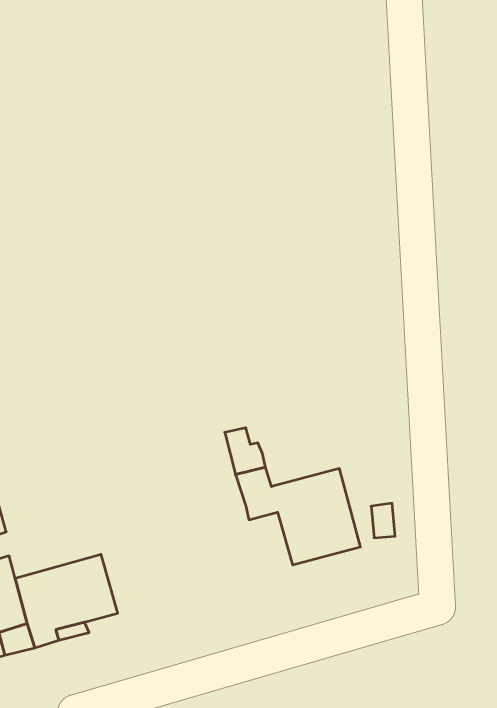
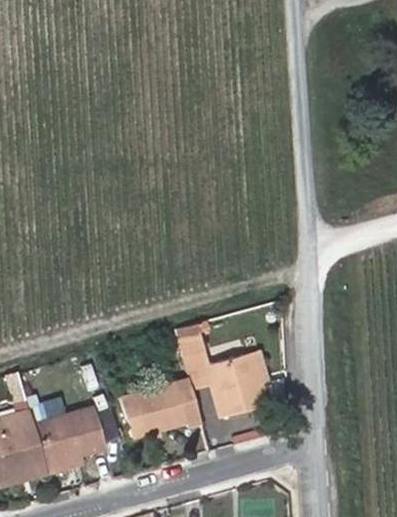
building: none -> [120,378,201,437]

